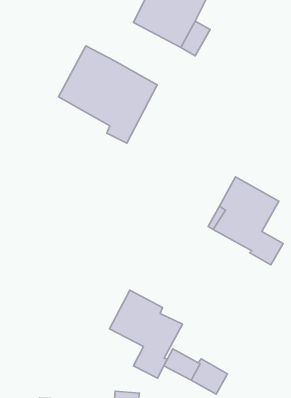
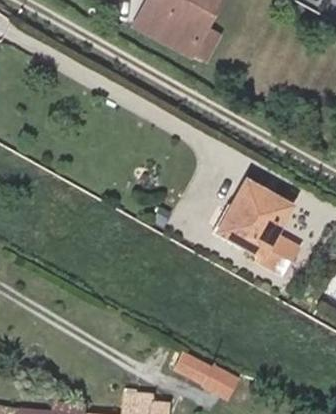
building: [59,46,157,143] -> none
building: [109,290,183,378] -> none

